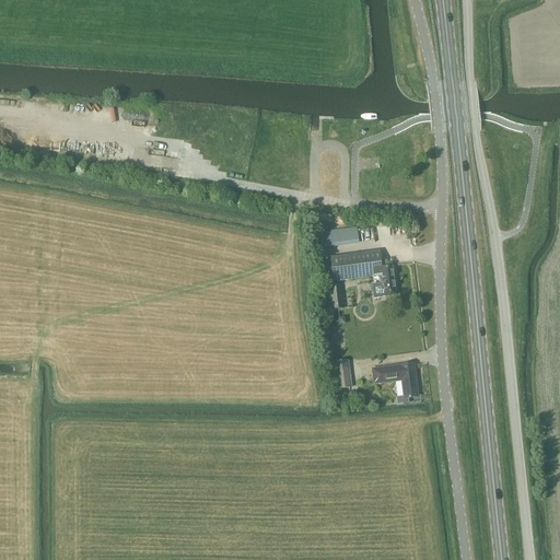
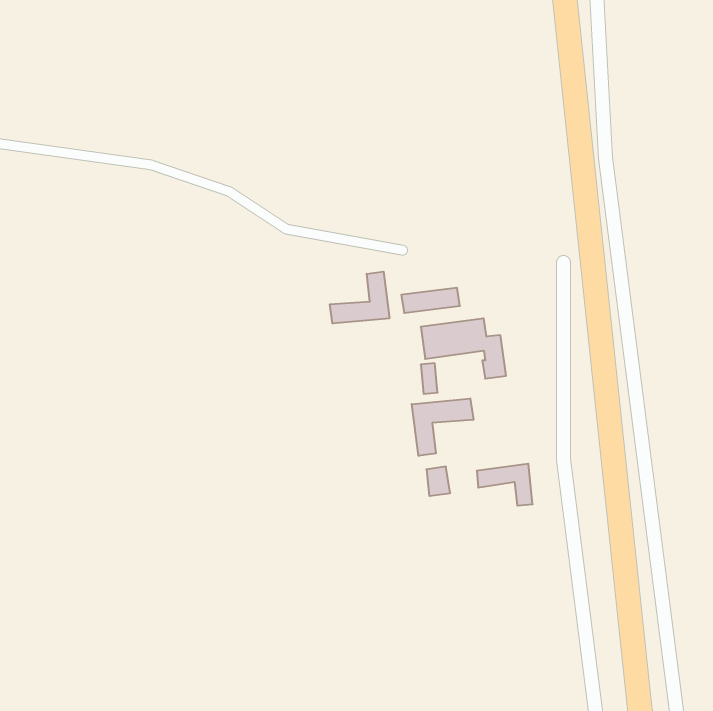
building: none -> [330,272,389,324]
building: none -> [412,398,474,456]

